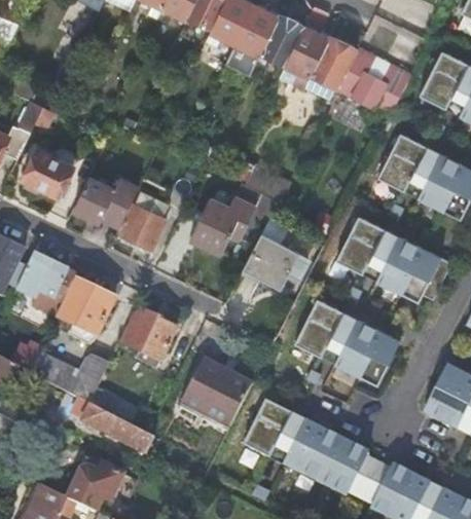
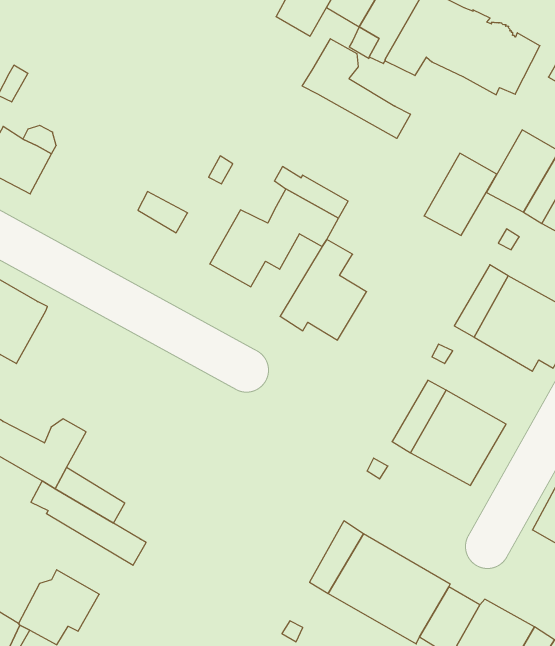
building: none -> [302,39,410,138]
building: [73,178,138,227] -> none
building: [121,203,167,249] -> none
building: [335,215,385,272] -> [424,153,497,235]
building: [57,277,115,343] -> none
building: [296,298,346,356] -> none
building: [122,308,178,368] -> none
building: [182,360,252,425] -> none
building: [244,399,292,457] -> none

